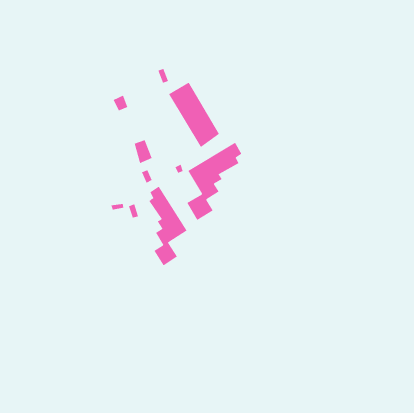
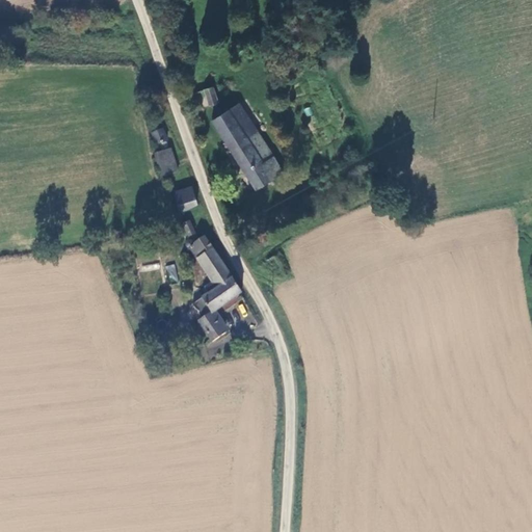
building: none -> [154,148,178,176]
building: [187,142,242,221] -> none

